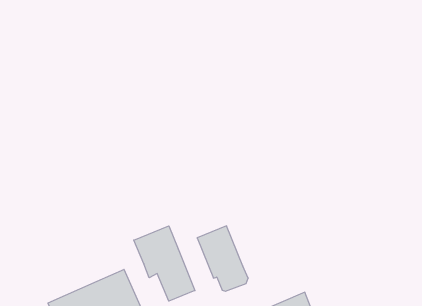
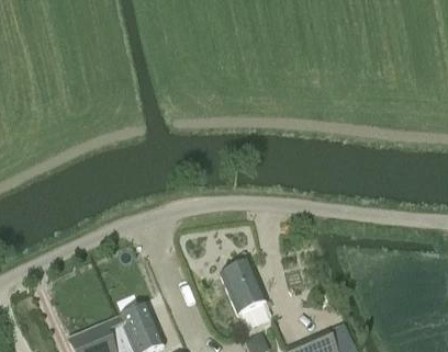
building: [134,226,195,301] -> none

